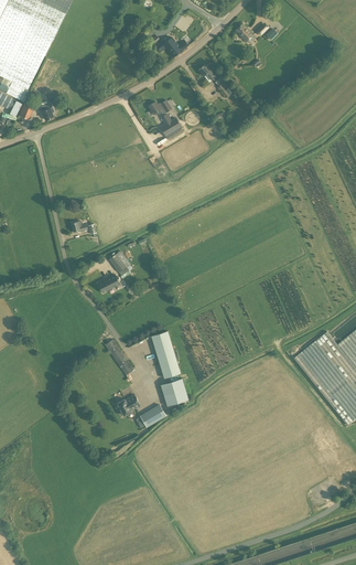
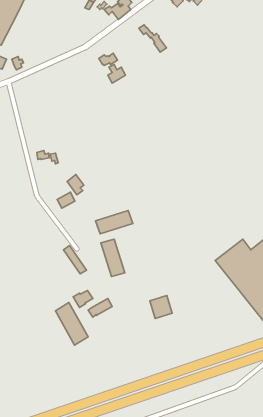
building: none -> [95,211,133,234]
building: [160,376,187,405] -> [150,295,172,318]
building: none -> [55,302,88,345]

